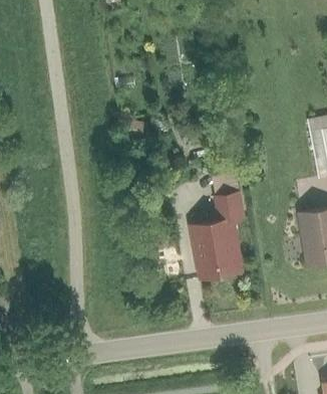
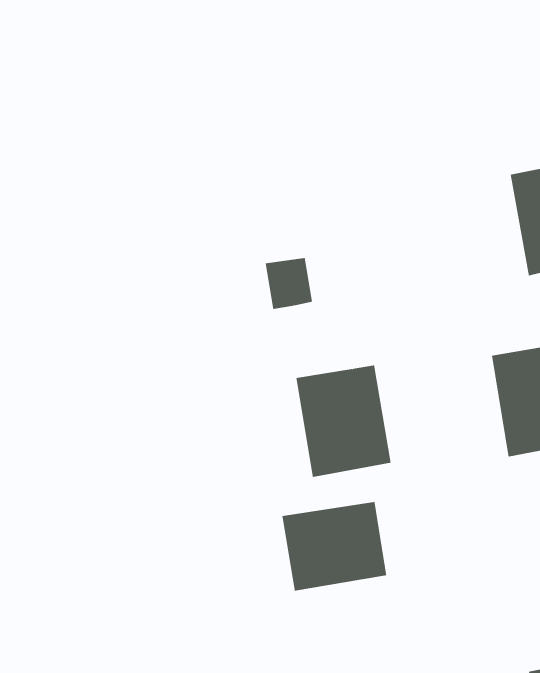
building: [219,194,245,222] -> [265,258,313,309]
building: none -> [282,501,387,592]

